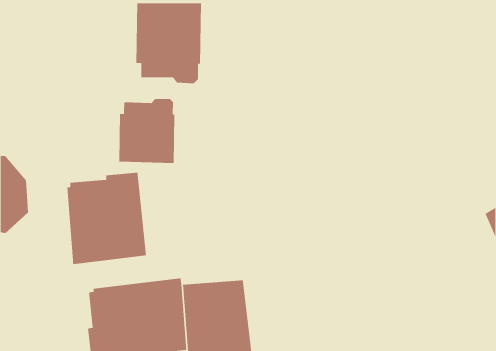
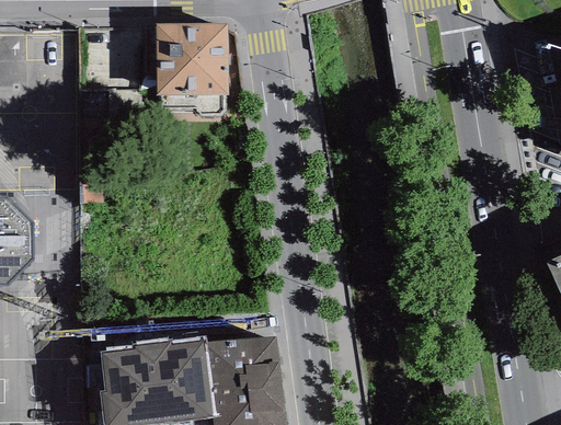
building: [118,98,175,164] -> none
building: [67,172,147,265] -> none

